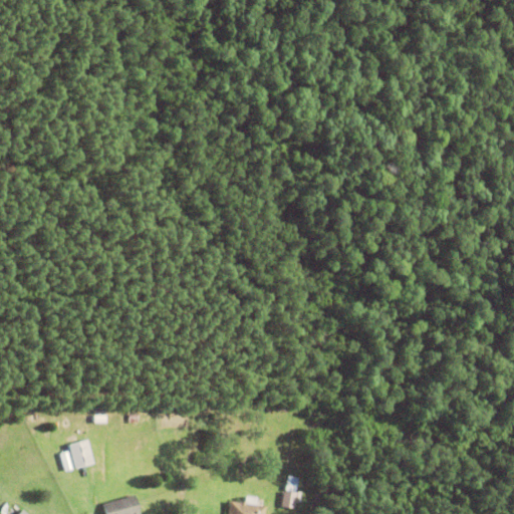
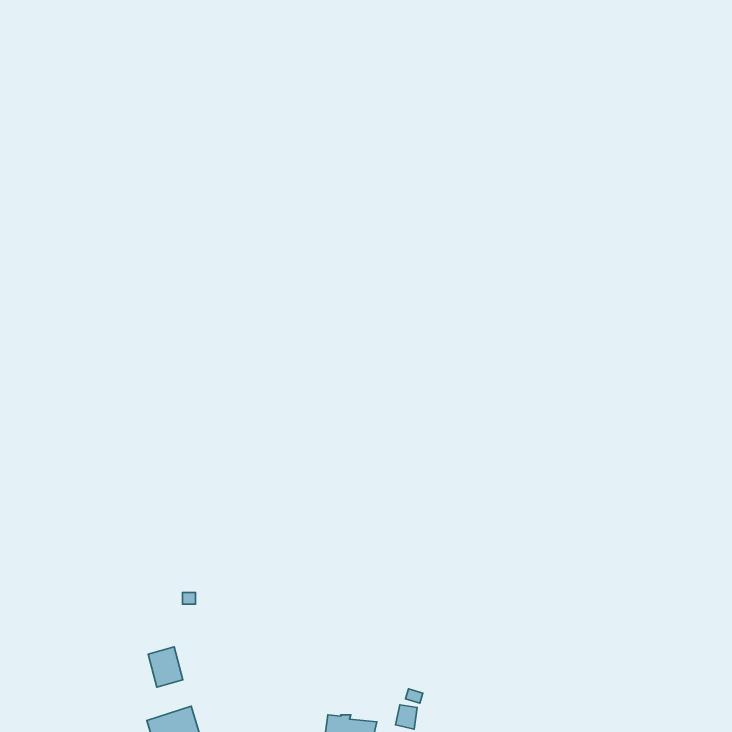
building: [69,440,93,468] -> [148,647,183,687]

